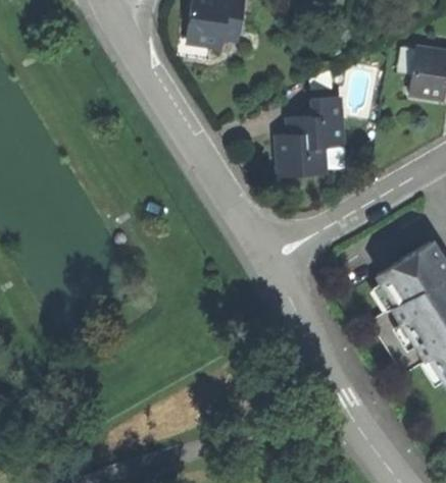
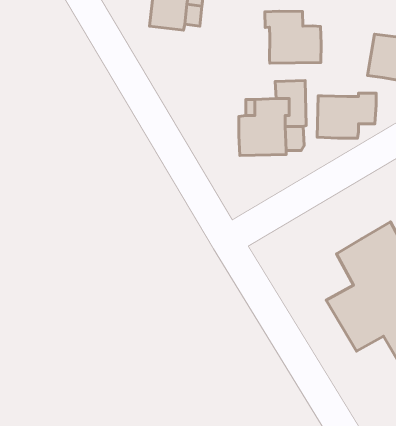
building: none -> [265,11,321,63]
building: none -> [317,93,376,138]

